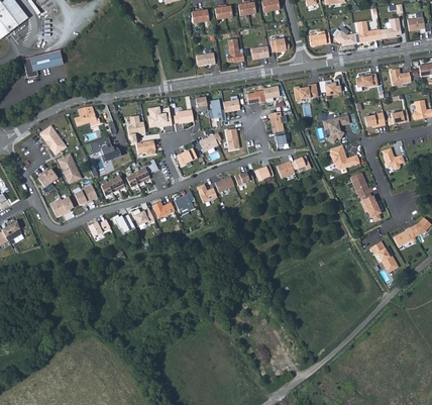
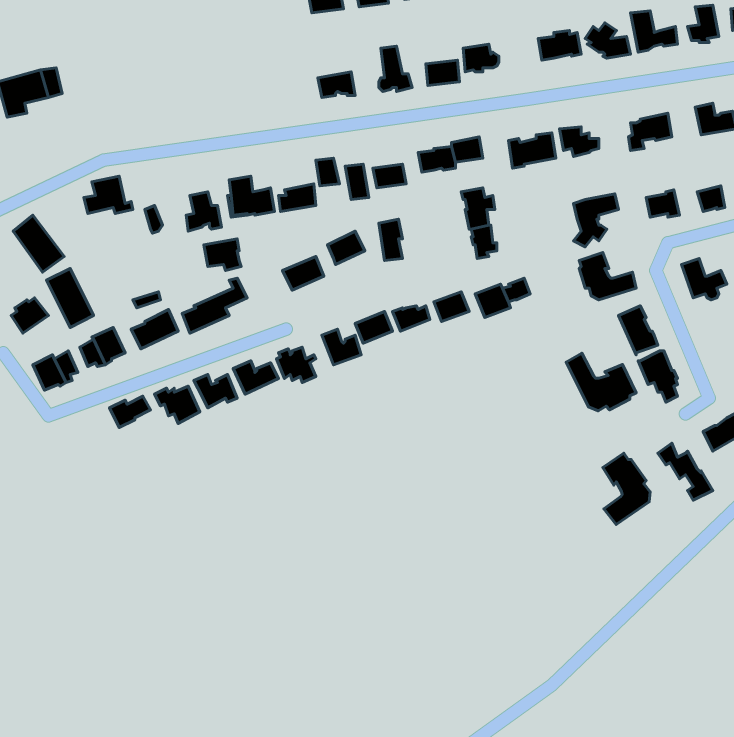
building: [91,136,123,162] -> none
building: none -> [566,353,636,411]
building: none -> [603,453,650,525]

